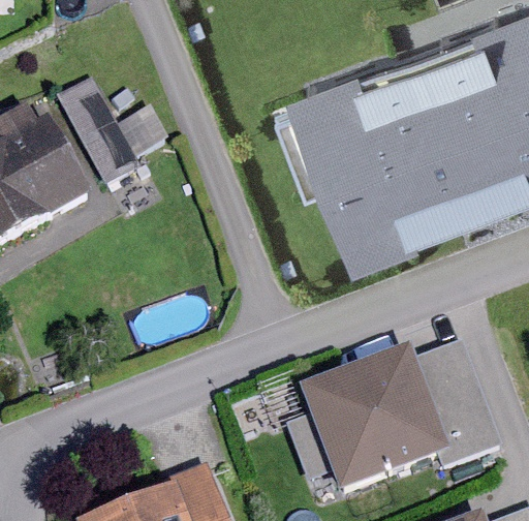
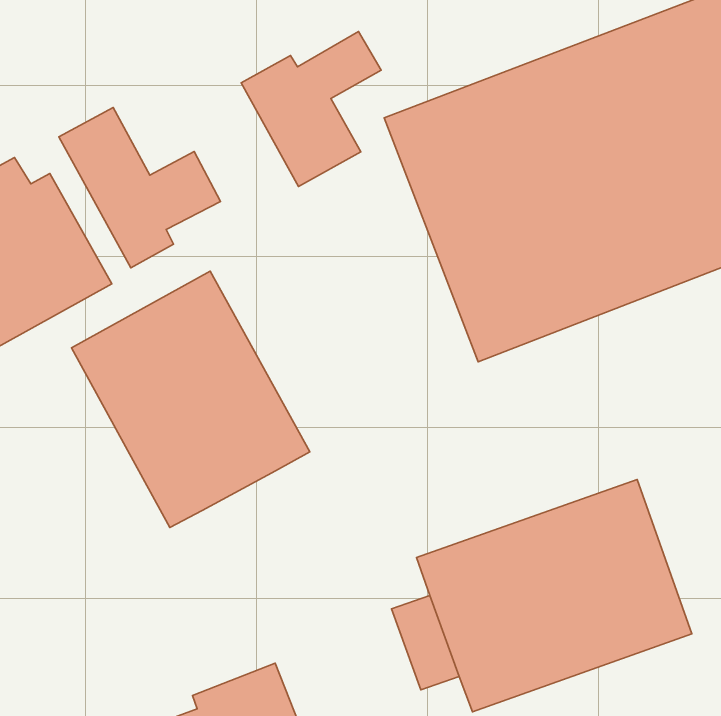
building: none -> [241,31,381,186]
building: none -> [71,271,310,527]

